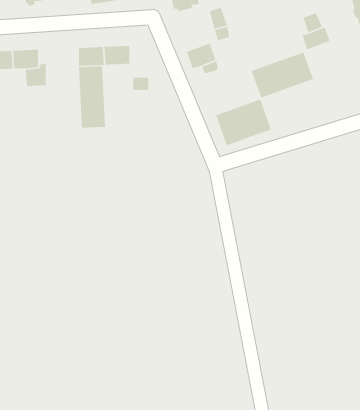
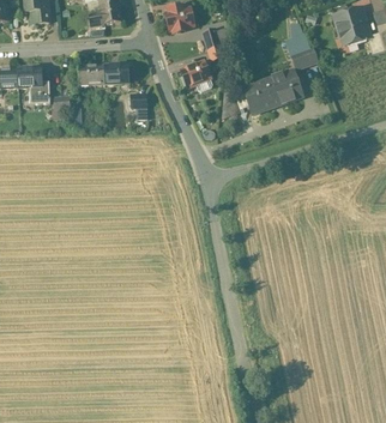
building: [78,66,106,129] -> none
building: [215,98,272,146] -> none

